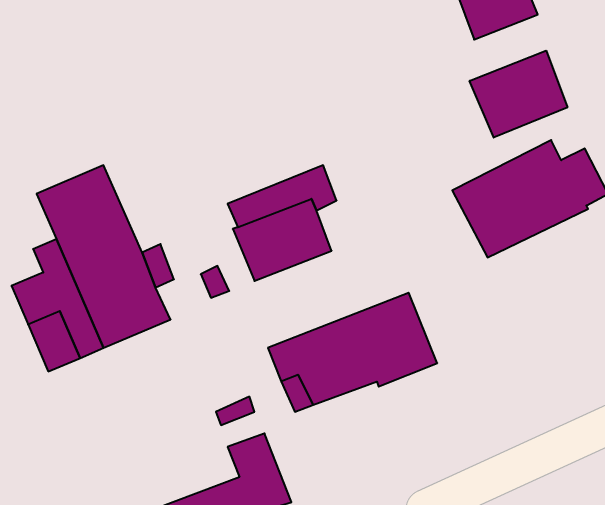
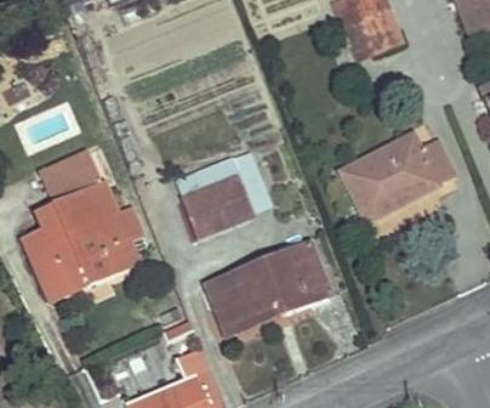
building: [470,51,567,138] -> none

